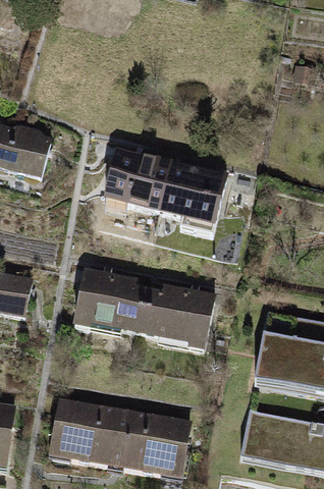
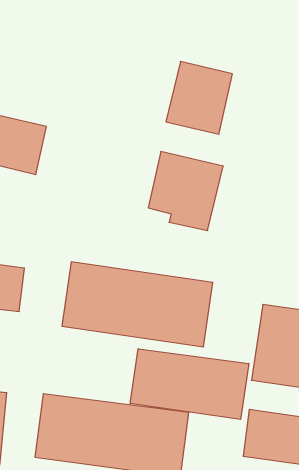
building: [101,148,166,219] -> [166,61,232,134]
building: none -> [130,349,249,419]

